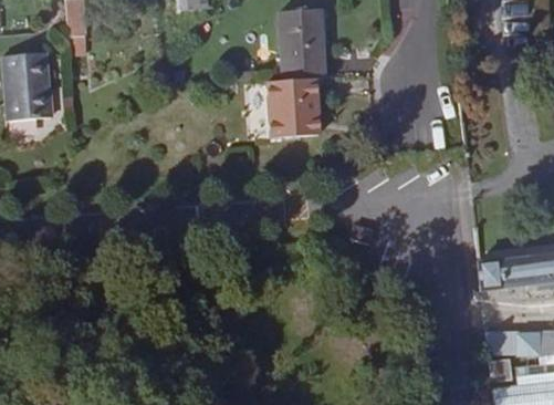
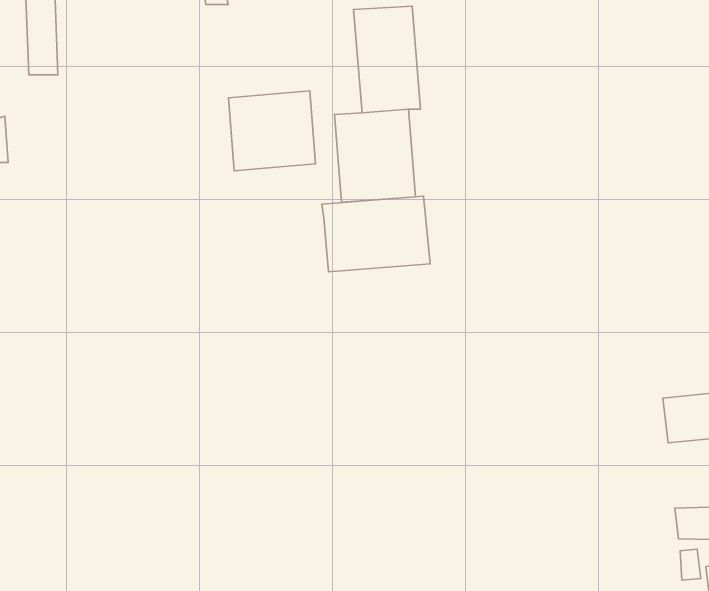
building: none -> [229,91,316,171]
building: none -> [322,196,430,272]

